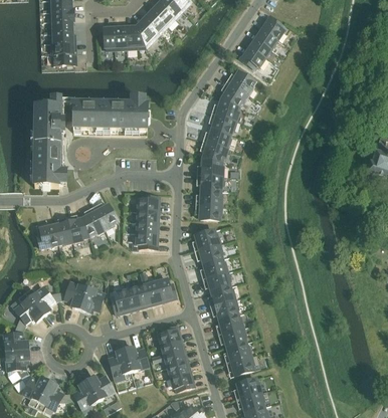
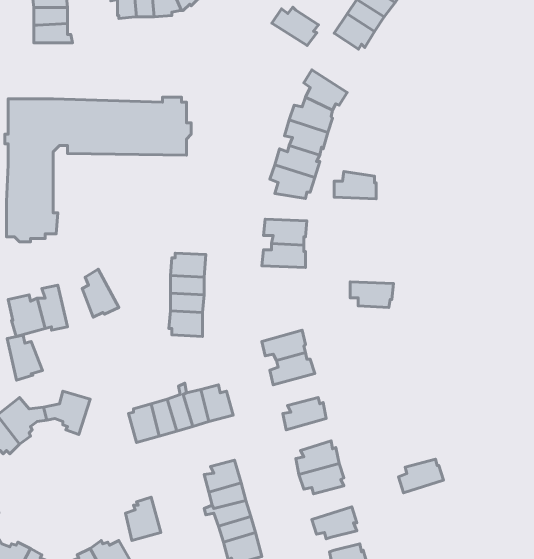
building: [226,71,255,95] -> [272,7,318,46]
building: [197,159,223,176] -> [334,171,376,199]
building: [92,202,118,230] -> none
building: [195,204,222,220] -> [350,282,393,307]
building: [67,214,89,242] -> [7,335,42,380]
building: [192,230,220,251] -> none
building: [202,271,230,291] -> none
building: [80,287,105,312] -> none
building: [210,299,238,320] -> none
building: [223,342,251,363] -> [399,459,444,493]
building: [126,347,149,371] -> none

